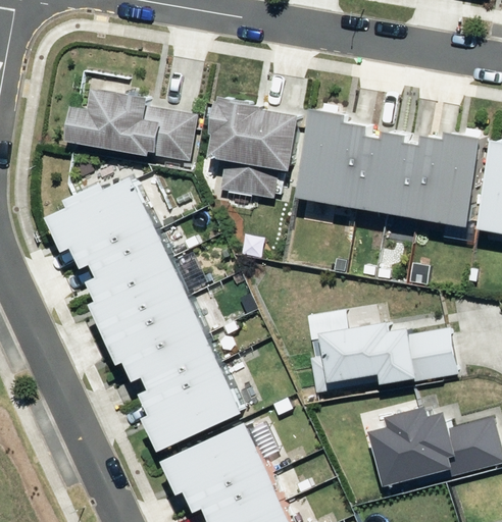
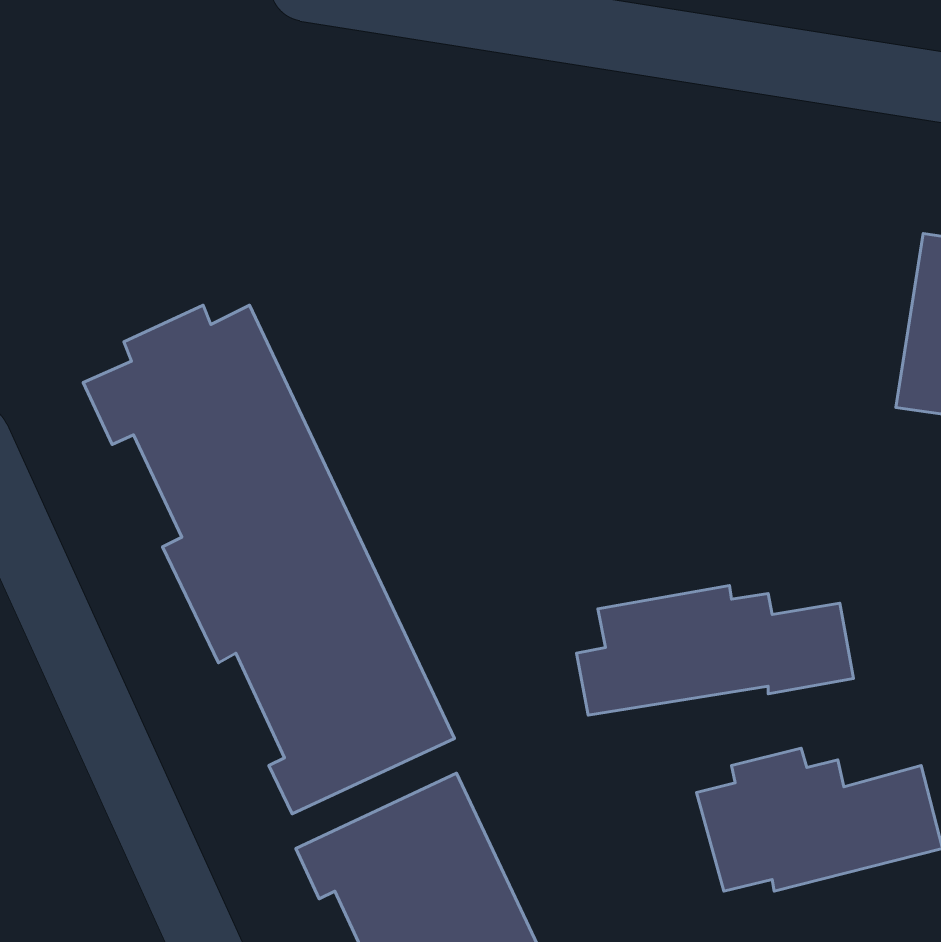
building: [51,84,192,160] -> none
building: [209,104,294,198] -> none
building: [297,109,482,227] -> none

